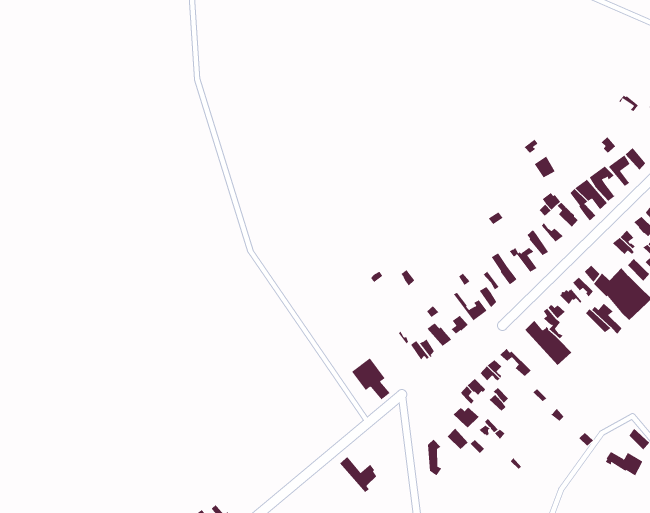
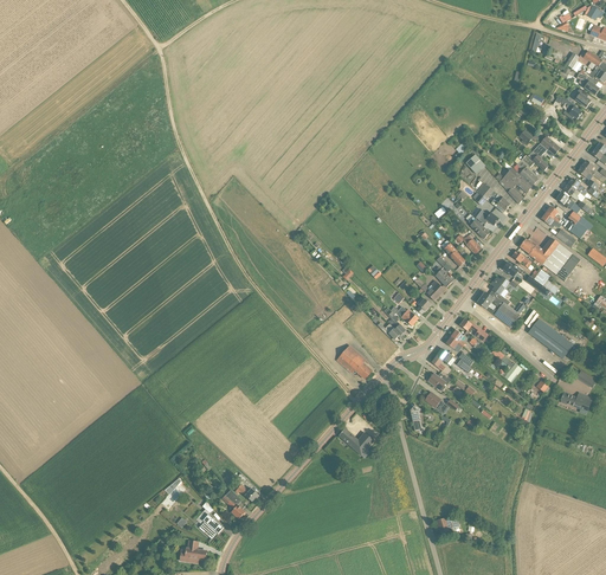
building: none -> [527,317,573,357]

